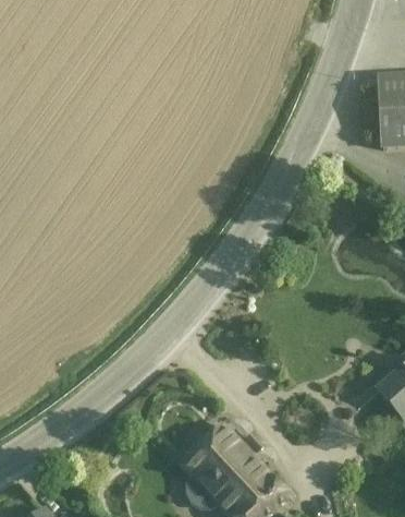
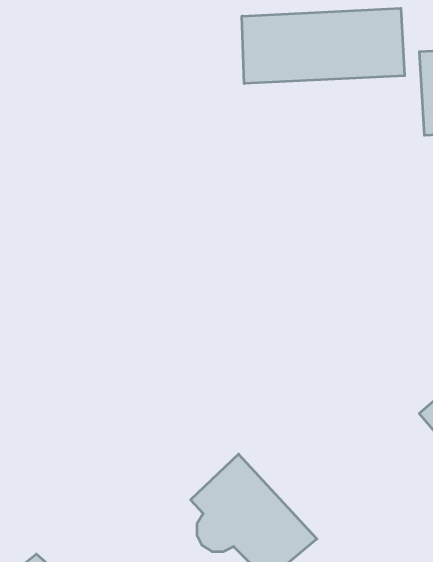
building: none -> [242,8,405,84]

